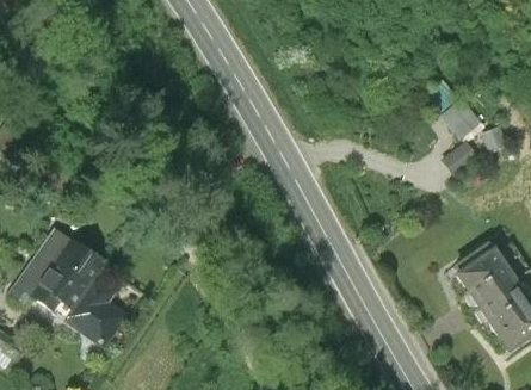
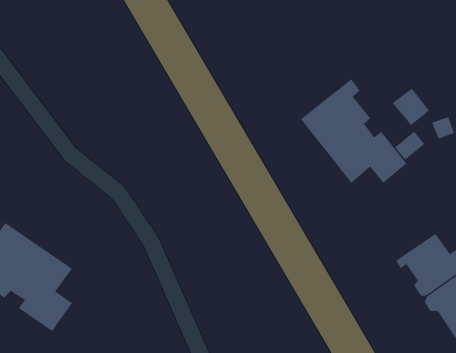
building: none -> [300,78,407,184]

